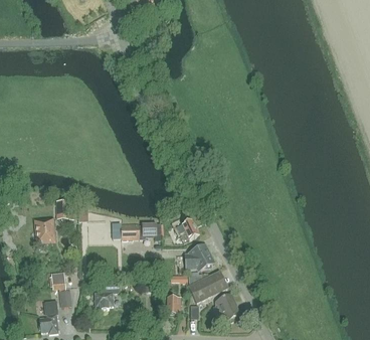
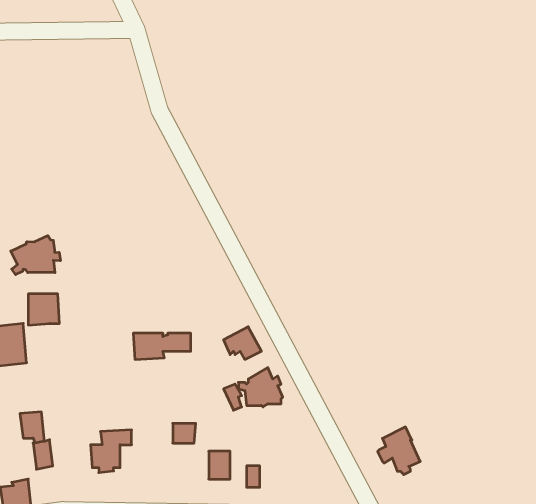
building: none -> [11,236,60,275]
building: [188,270,228,303] -> none
building: [213,293,239,322] -> [378,427,420,475]

